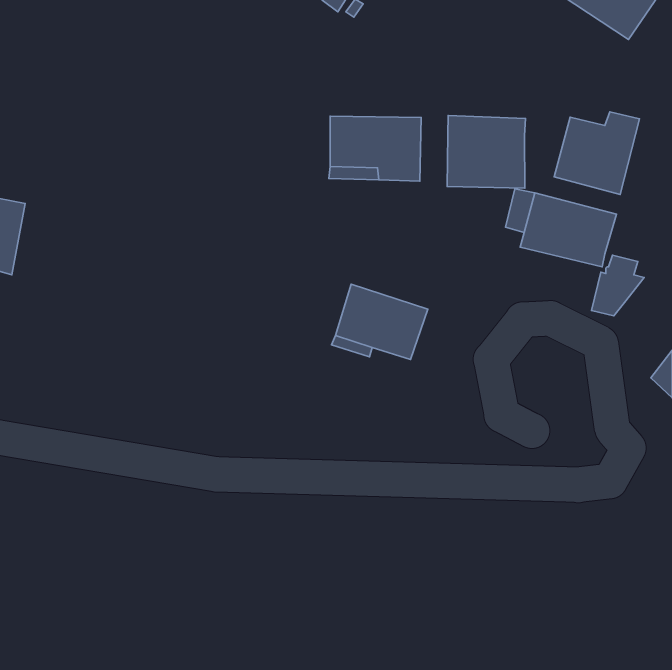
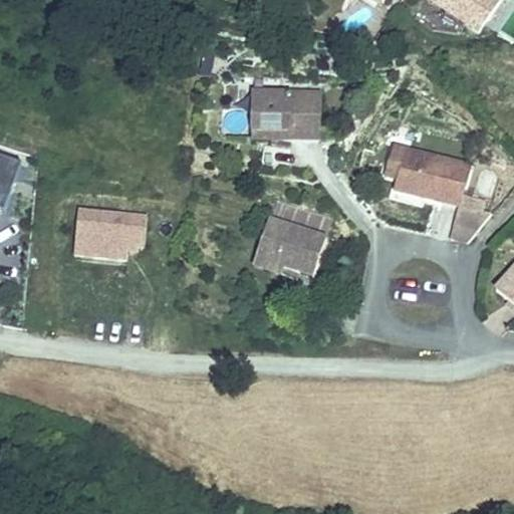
building: [554,112,640,194] -> none
building: [447,115,526,188] -> none
building: none -> [71,206,146,259]

